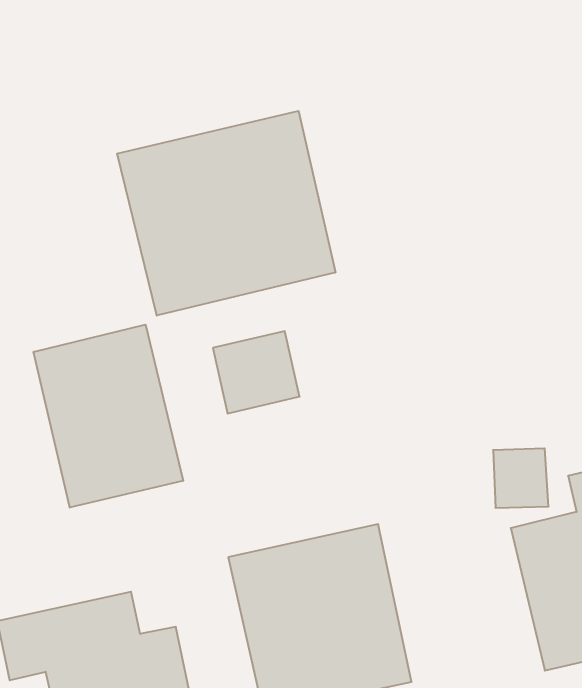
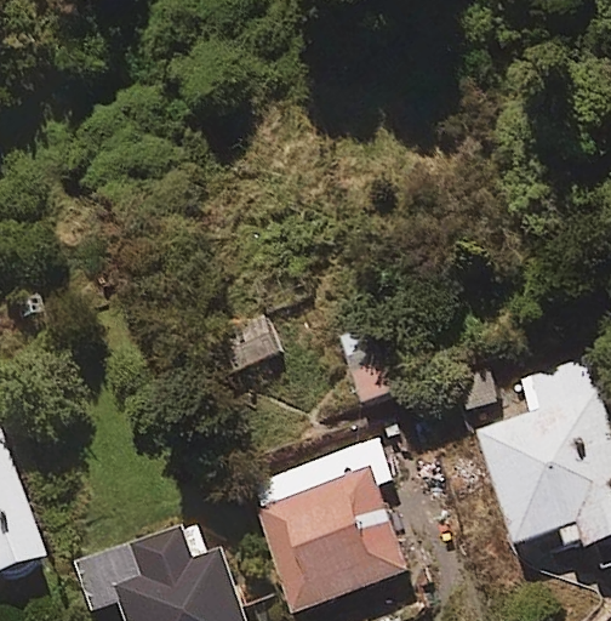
building: [117,111,335,316] -> none
building: [34,325,183,508] -> none

